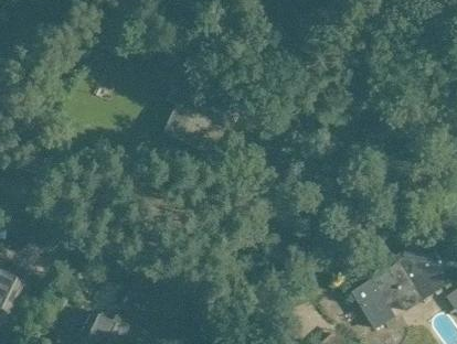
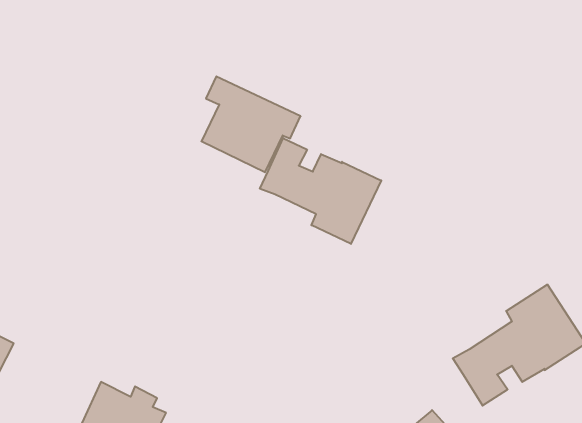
building: none -> [260,138,381,244]

